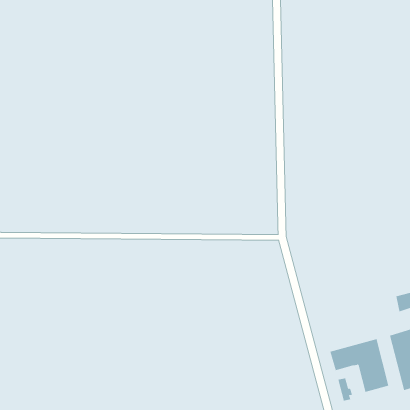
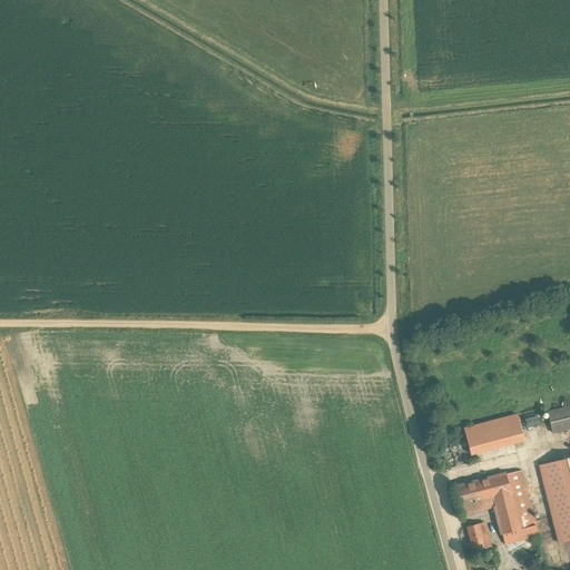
building: none -> [462,414,523,453]

